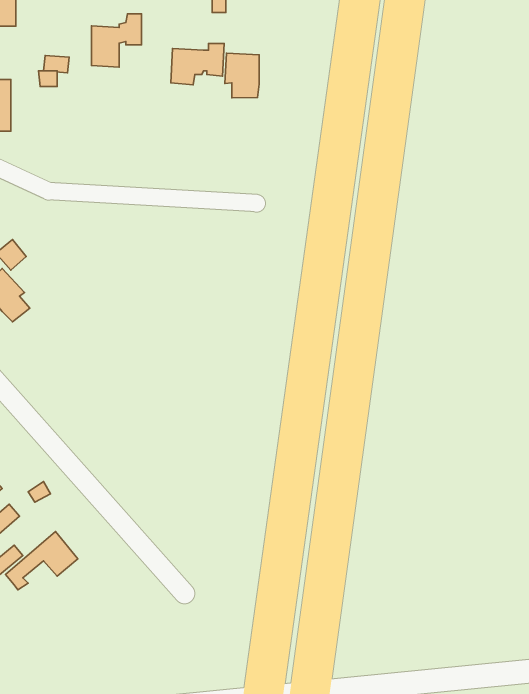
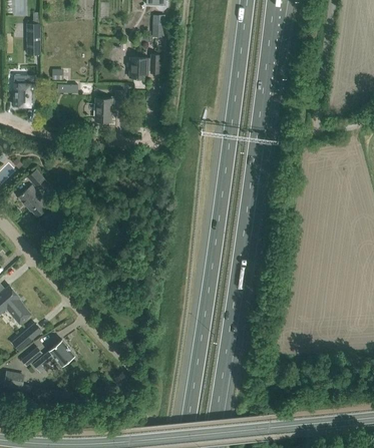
building: [92,14,141,67] -> [94,91,123,122]
building: [225,53,259,98] -> none

